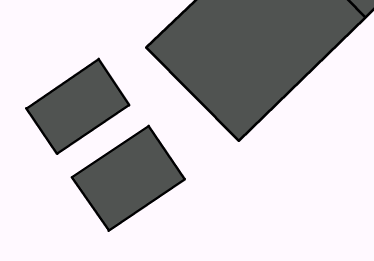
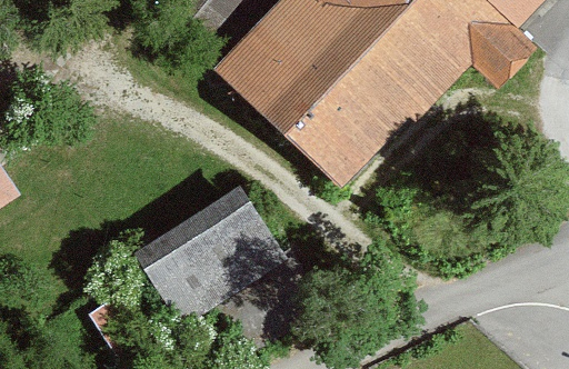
building: [26,59,129,154] -> none

